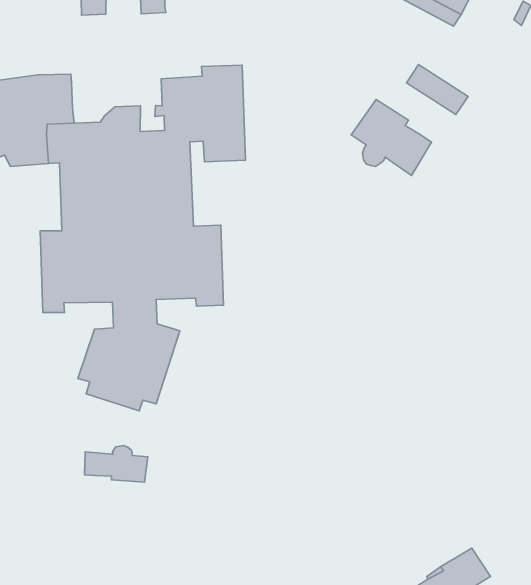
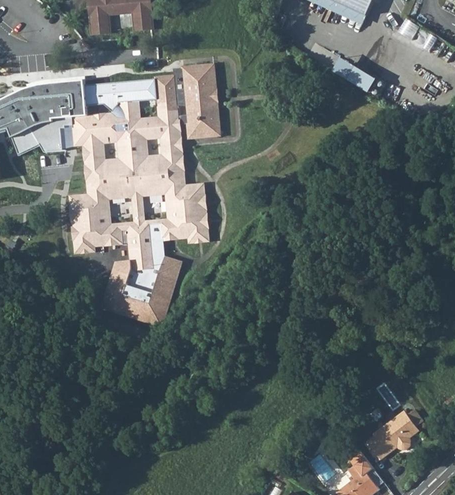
building: none -> [87,78,155,108]
building: [351,99,432,175] -> none
building: [85,445,148,482] -> none

